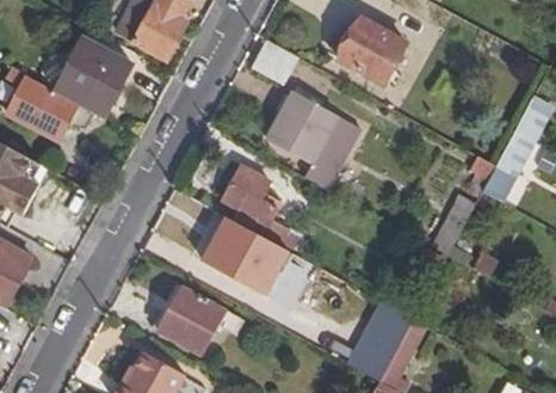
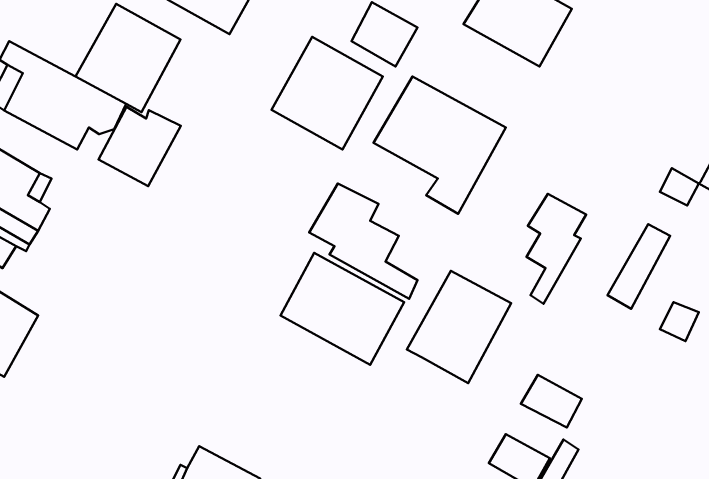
building: none -> [272,37,383,150]
building: none -> [99,107,181,186]
building: none -> [526,194,586,304]
building: none -> [407,271,511,383]
building: [152,283,226,355] -> none

